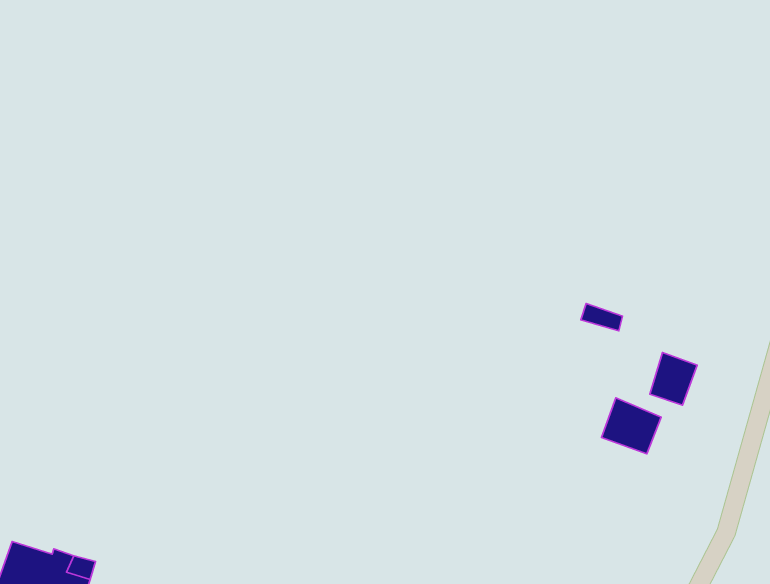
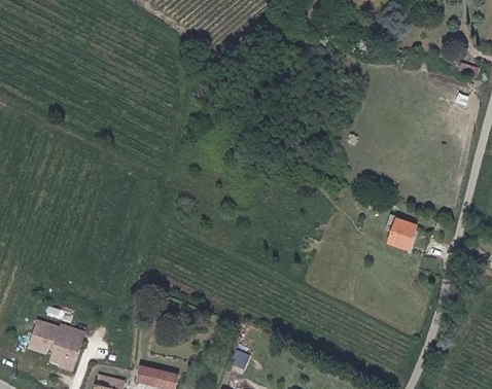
building: [601,398,661,454] -> none

